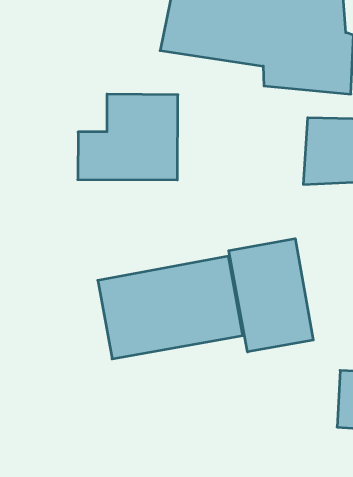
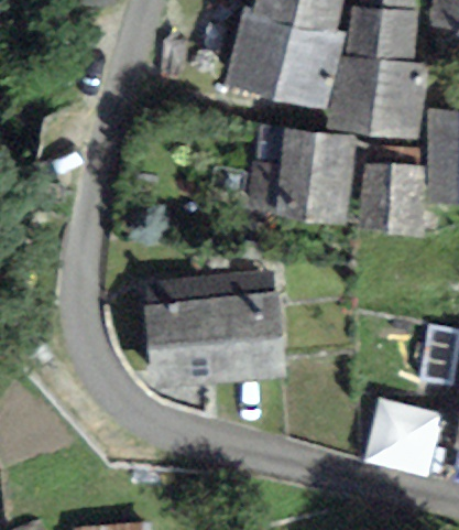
building: [78,94,178,180] -> [249,126,356,217]
building: [229,239,313,352] -> none

